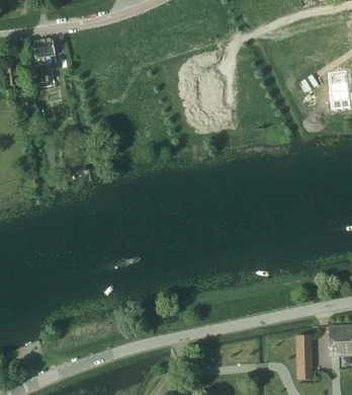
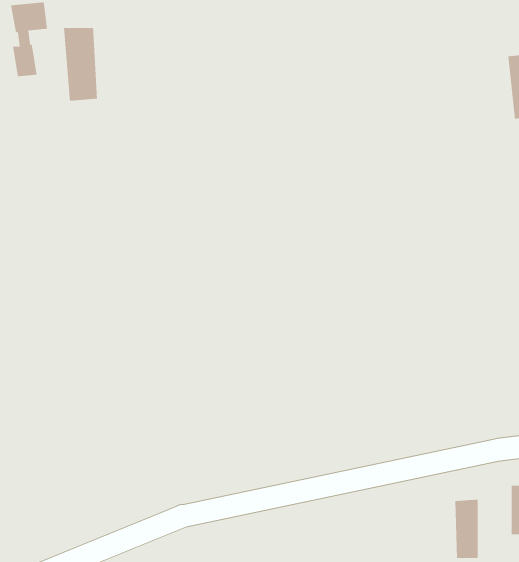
building: none -> [63,27,97,101]

